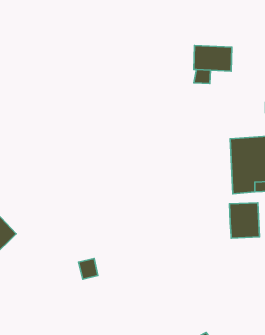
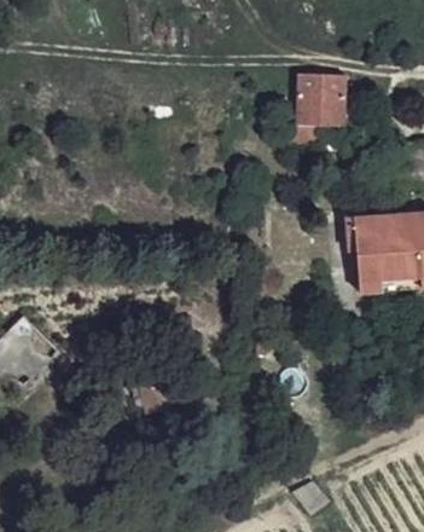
building: [229,203,259,238] -> none

